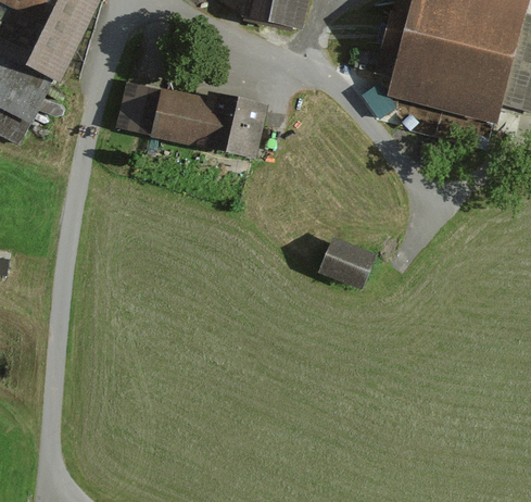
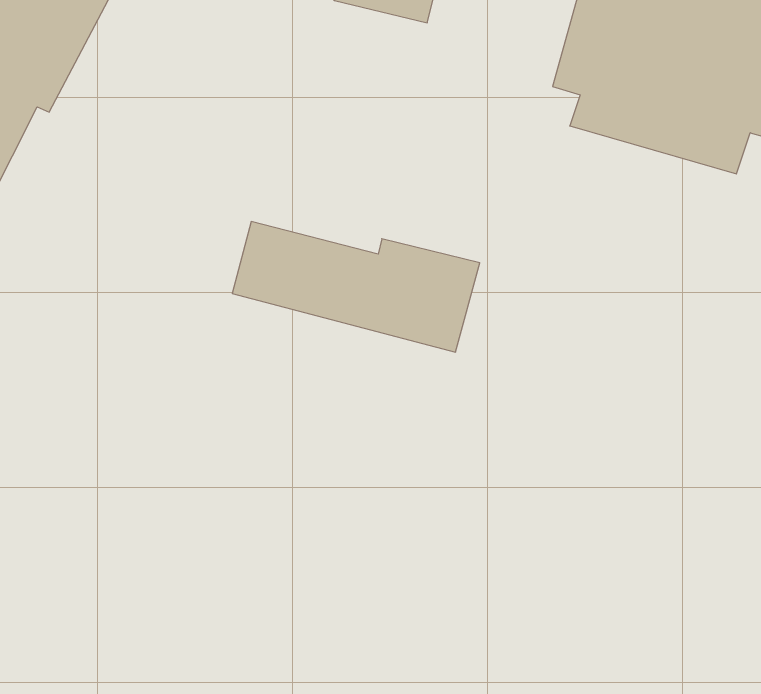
building: [112,77,268,160] -> [232,222,480,352]
building: [320,237,374,290] -> none

